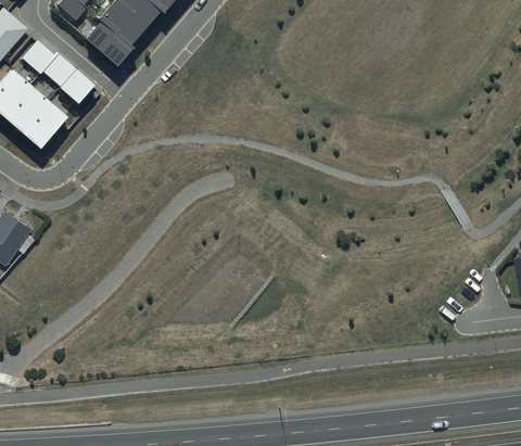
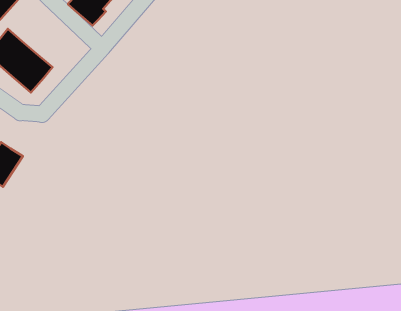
building: [21,39,94,103] -> none

